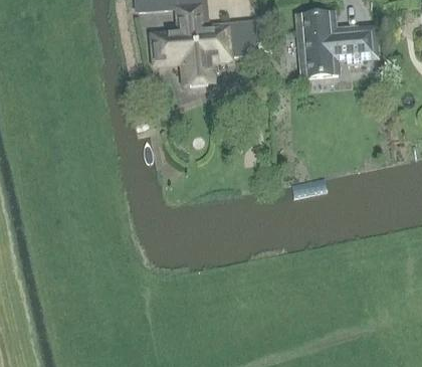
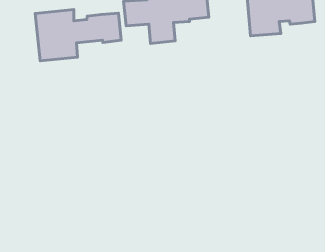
building: none -> [35,9,121,61]

